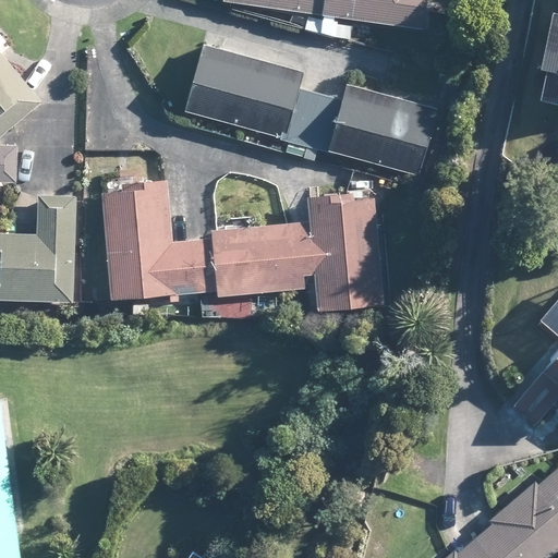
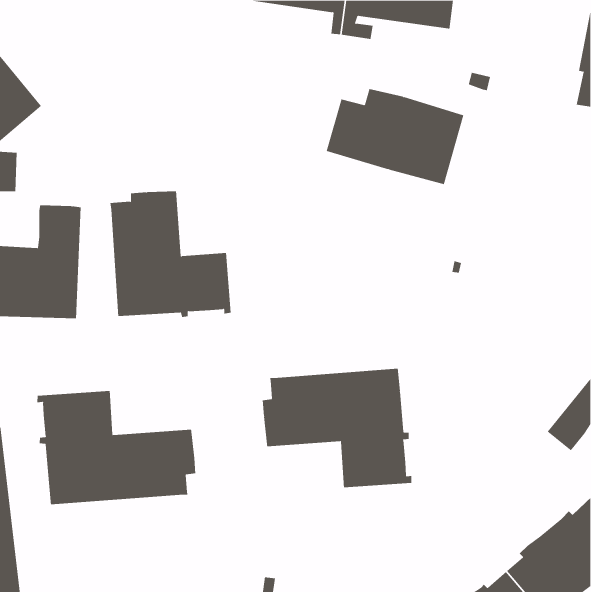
building: [184,45,319,156] -> none
building: [211,194,380,310] -> none
building: none -> [262,368,412,488]
building: none -> [37,390,196,505]

